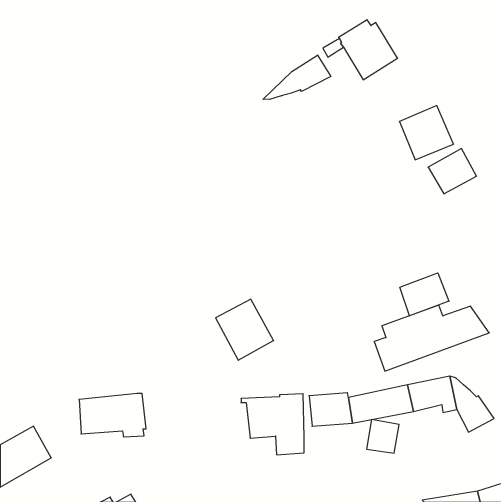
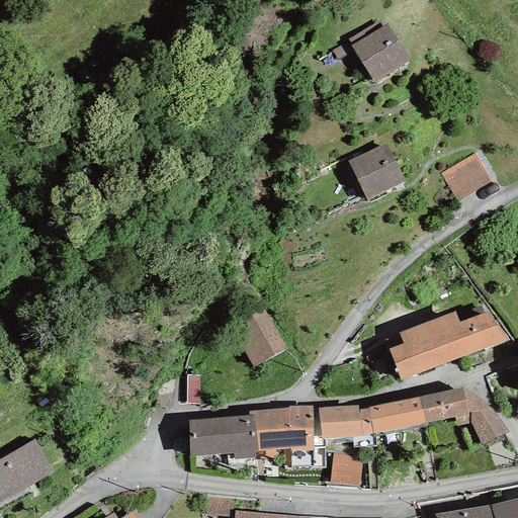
building: [263,55,331,99] -> none
building: [399,106,454,160] -> [350,143,406,198]
building: [400,273,449,316] -> none
building: [79,393,146,437] -> [190,414,259,458]
building: [367,420,399,453] -> [329,454,362,489]

